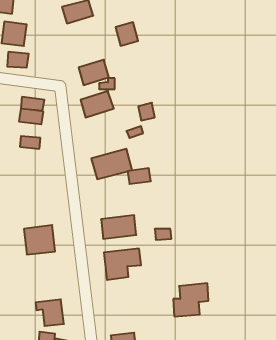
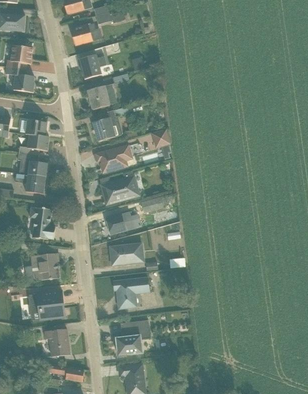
building: [116,22,138,46] -> [78,54,101,78]
building: none -> [94,143,133,174]
building: none -> [24,174,45,195]
building: none -> [30,207,55,239]
building: none -> [105,211,141,235]
building: none -> [30,290,66,316]
building: [173,283,208,316] -> [115,320,151,354]

